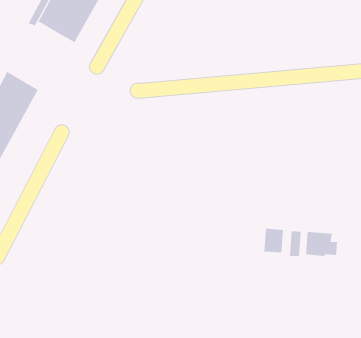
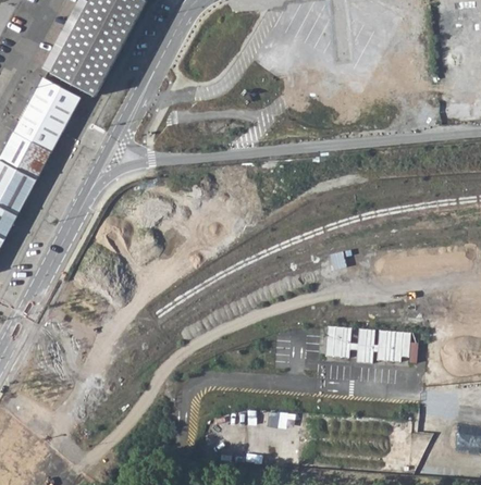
building: none -> [12,76,81,152]

